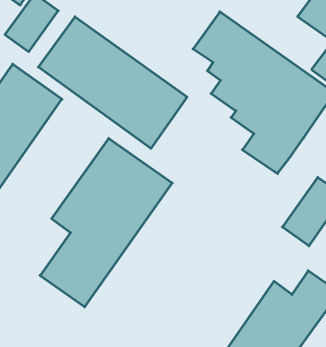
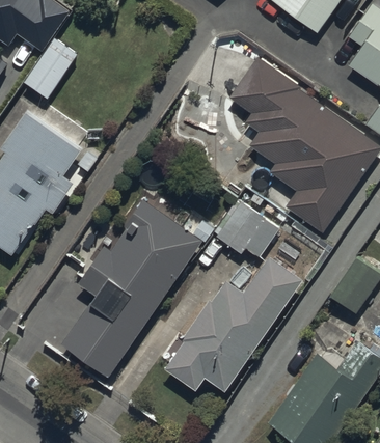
building: [38,17,187,148] -> none
building: none -> [217,201,276,260]
building: none -> [158,256,304,395]

